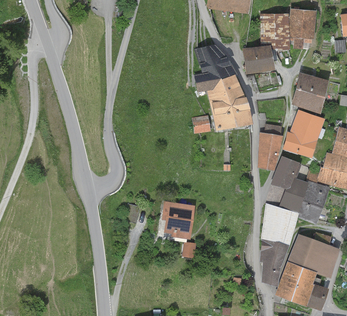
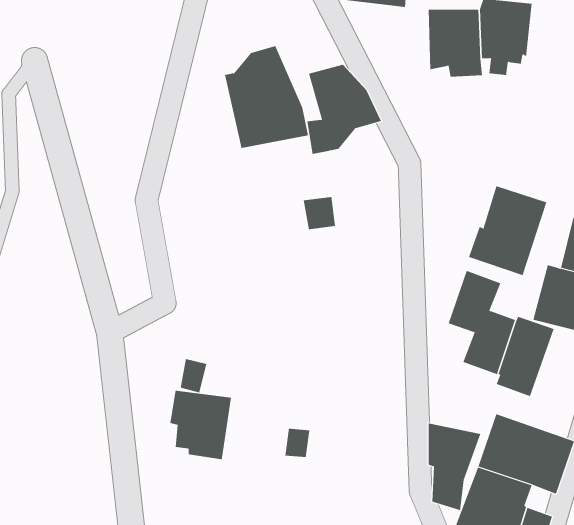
building: [243,44,275,74] -> none
building: [291,72,329,112] -> none
building: [207,74,253,130] -> [224,45,309,148]
building: [257,132,283,170] -> none
building: [161,201,195,239] -> [169,390,232,460]
building: [260,203,298,244] -> none

